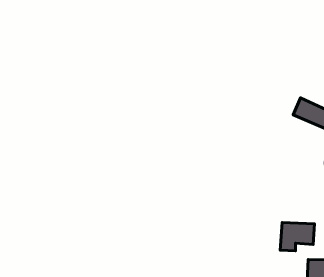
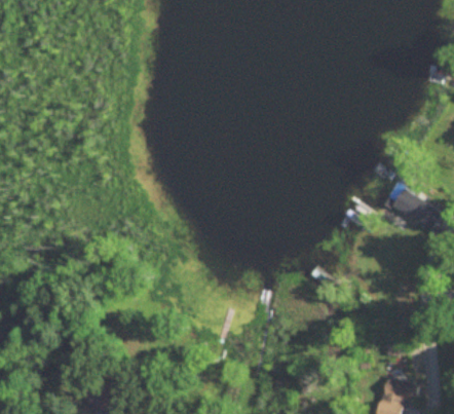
building: [280,222,314,251] -> none

